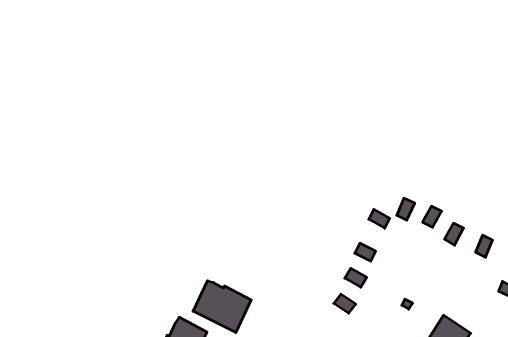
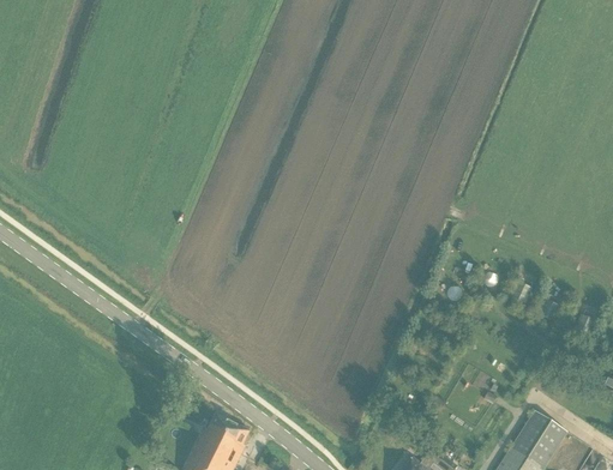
building: [193,281,251,333] -> none

